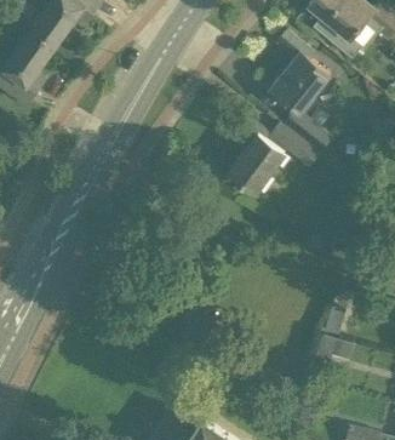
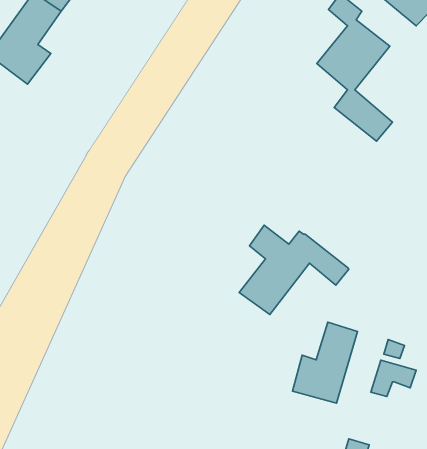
building: [228,119,319,193] -> [239,225,349,314]
building: none -> [293,322,358,403]

